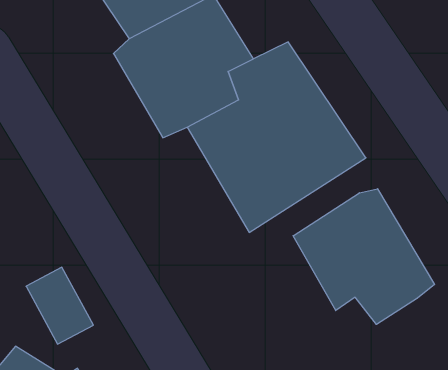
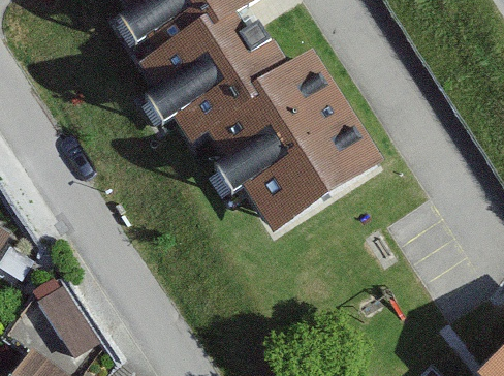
building: [293,189,435,324] -> none

